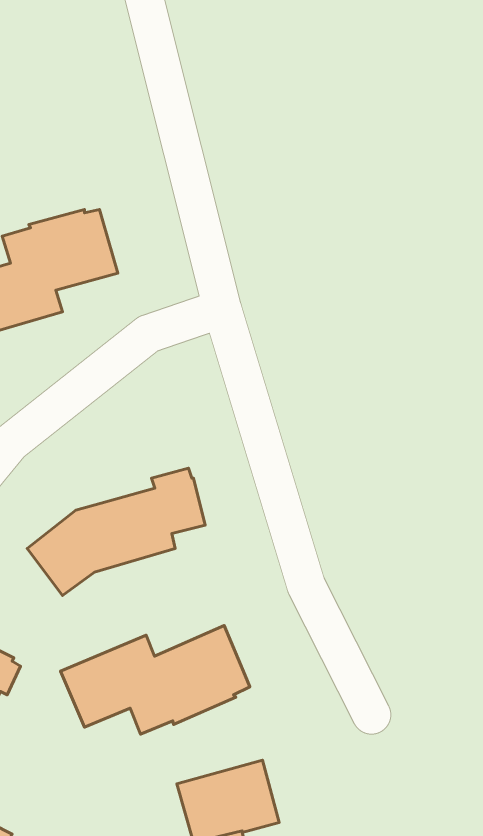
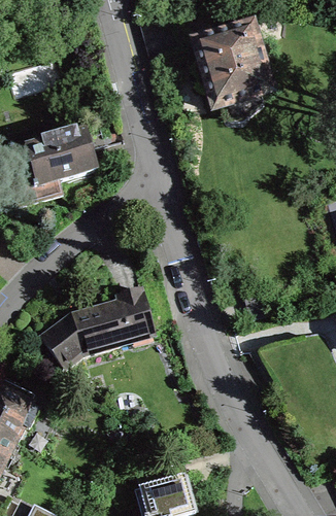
building: none -> [195,25,271,107]
building: [61,626,250,734] -> none

